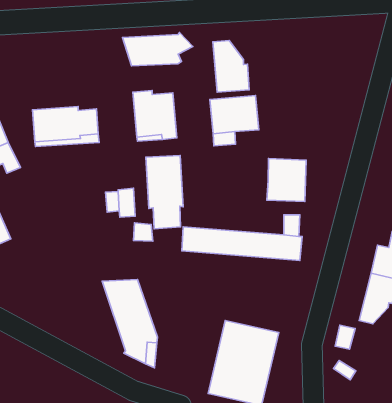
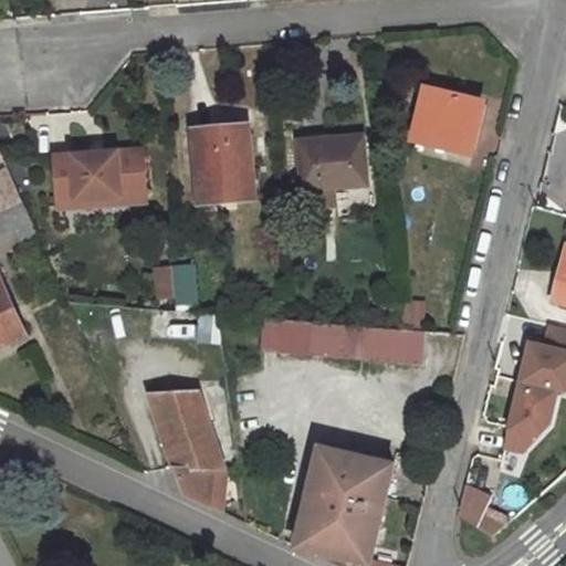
building: [123,33,193,66] -> none
building: [213,41,249,92] -> none
building: none -> [412,86,479,150]
building: [146,155,183,229] -> none
building: [267,159,306,202] -> none

